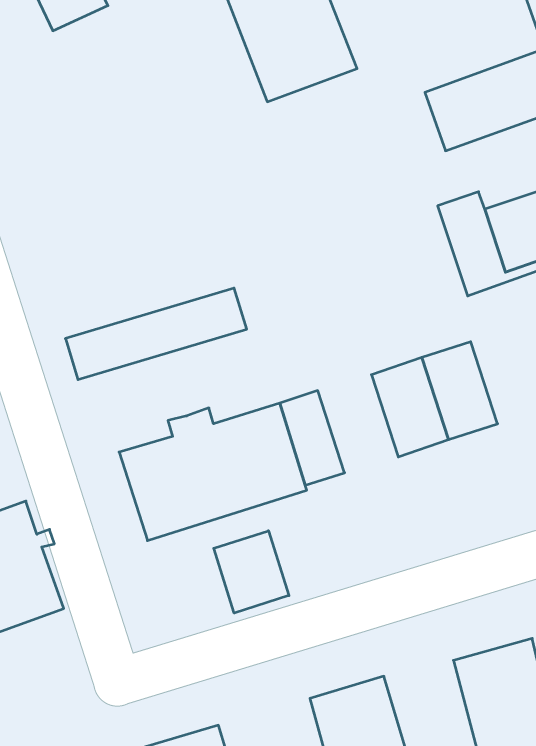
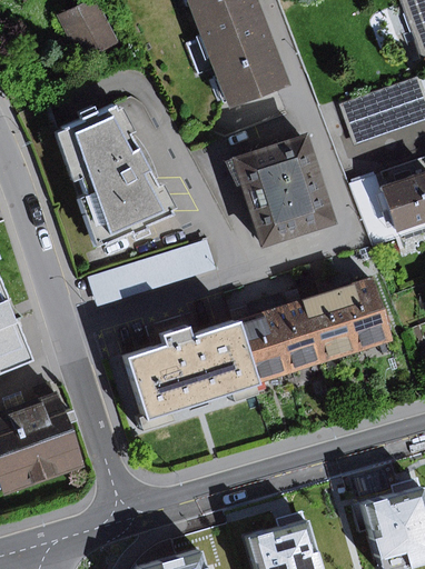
building: none -> [57,103,171,244]
building: none -> [234,132,339,247]
building: none -> [266,301,323,370]
building: [214,531,289,613] -> none

